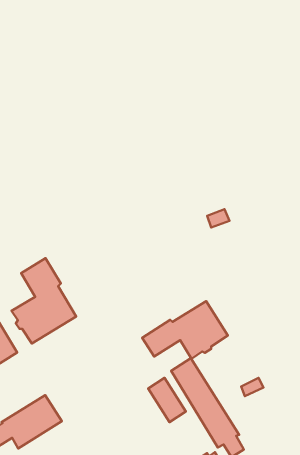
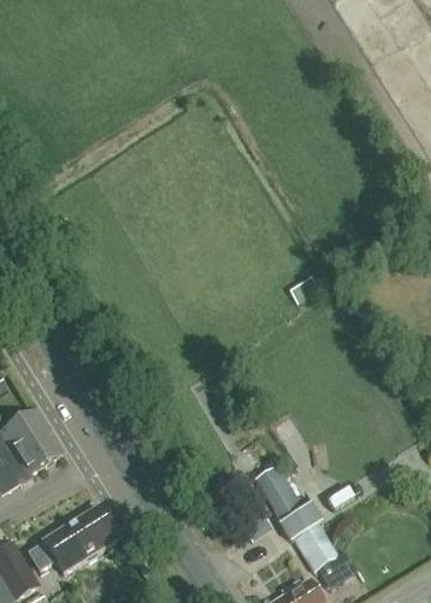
building: [11,258,76,344] -> none
building: [142,301,228,359] -> none

